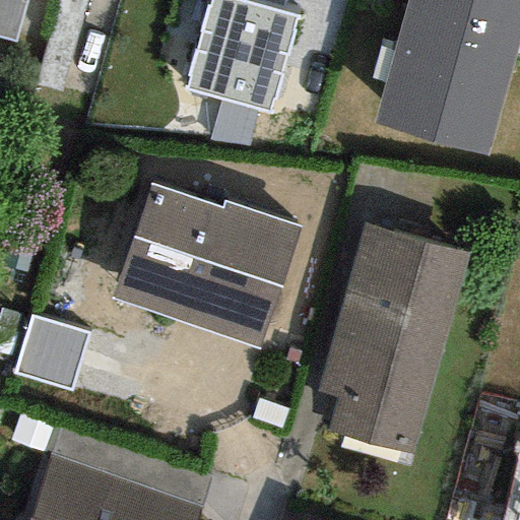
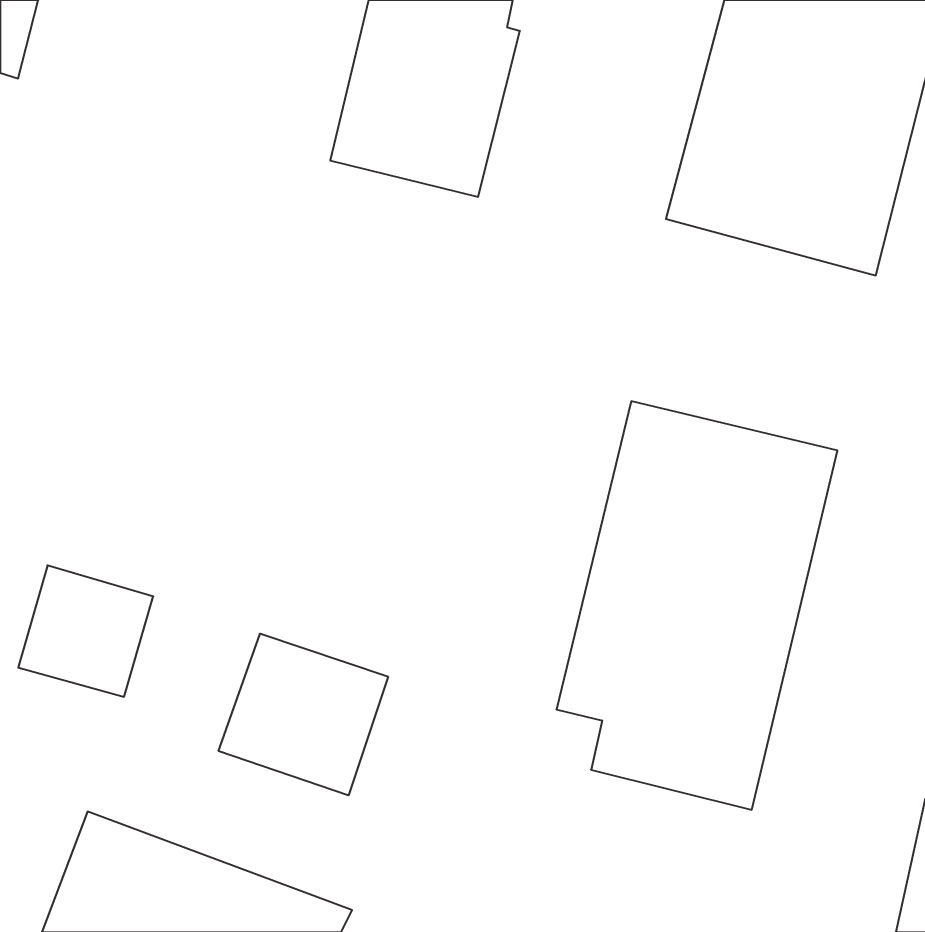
building: [110,188,312,353] -> none
building: none -> [219,634,388,795]

